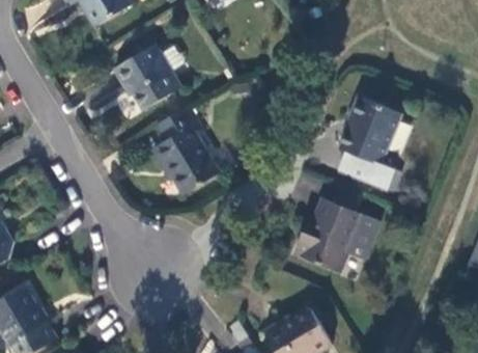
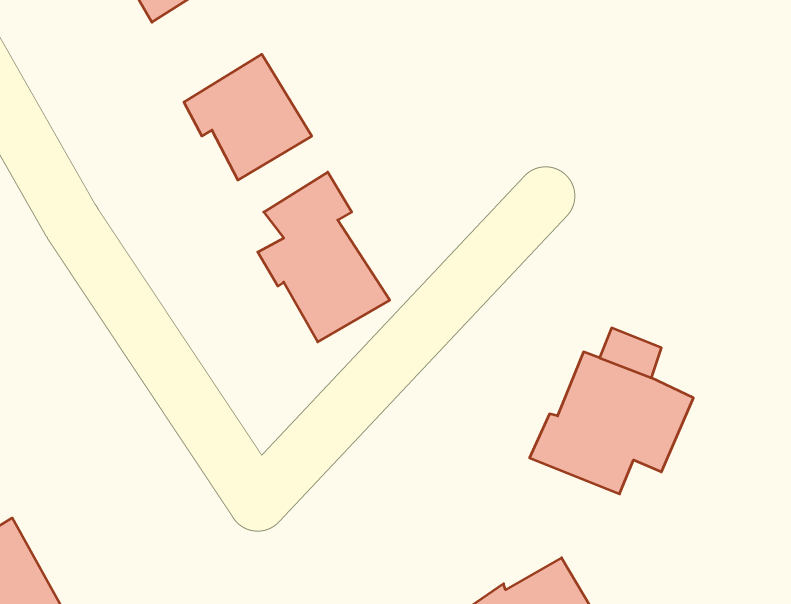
building: [339,96,401,189] -> none

